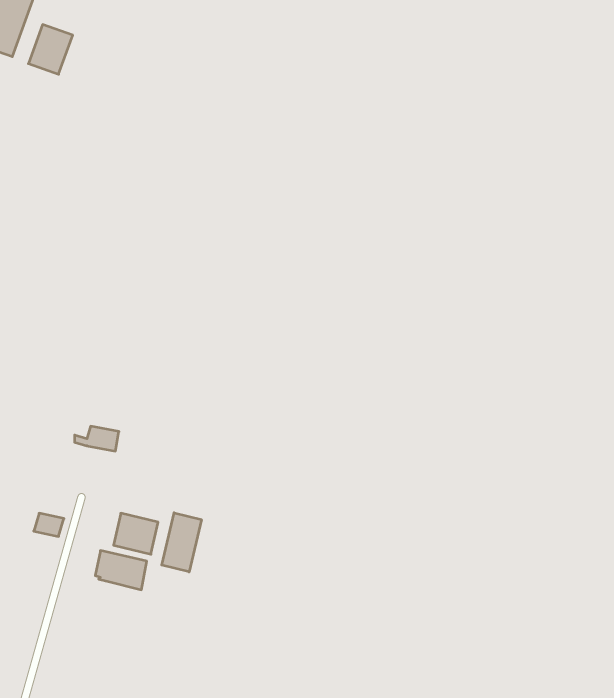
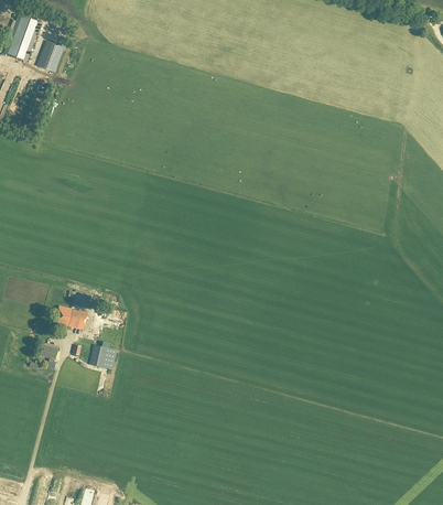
building: [162,513,201,572] -> none
building: [95,551,147,590] -> [55,305,87,330]

